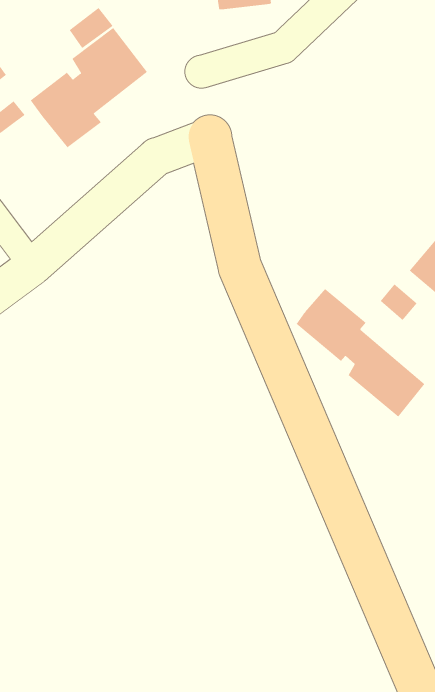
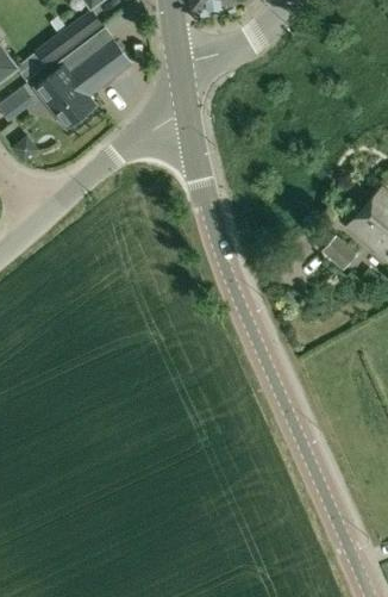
building: none -> [36,29,77,67]
building: [296,288,425,418] -> none

